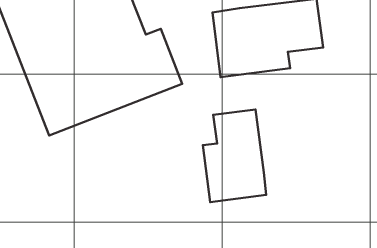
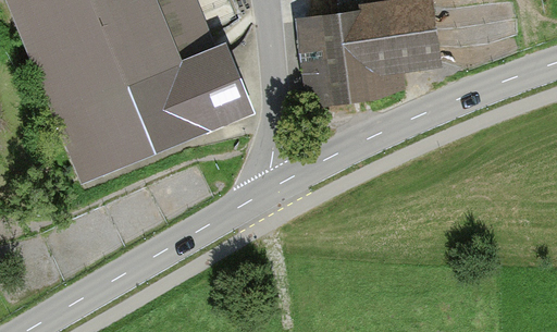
building: [203,110,266,202] -> none

